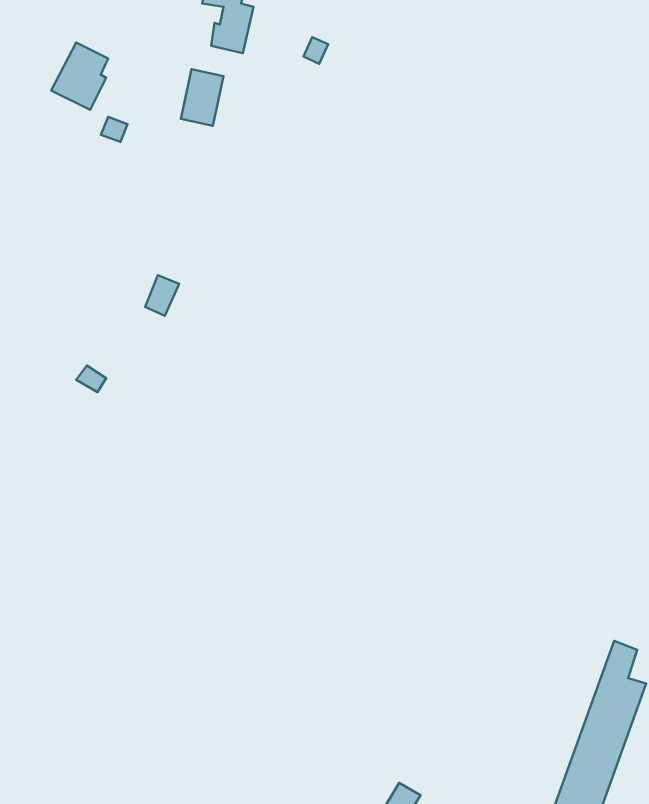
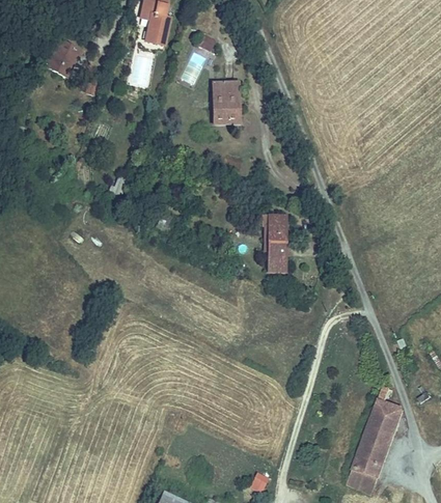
building: none -> [211,82,241,123]
building: none -> [269,213,288,271]

